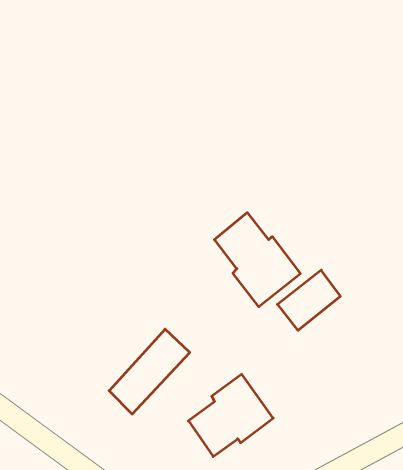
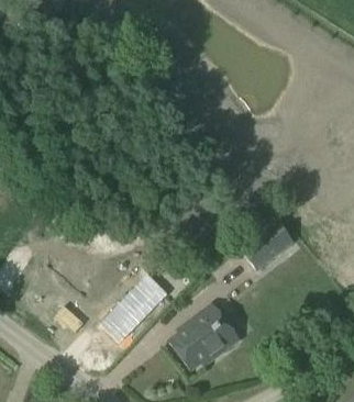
building: [214,213,300,307] -> none

